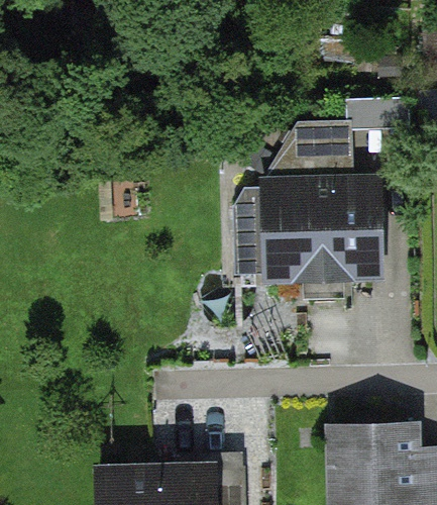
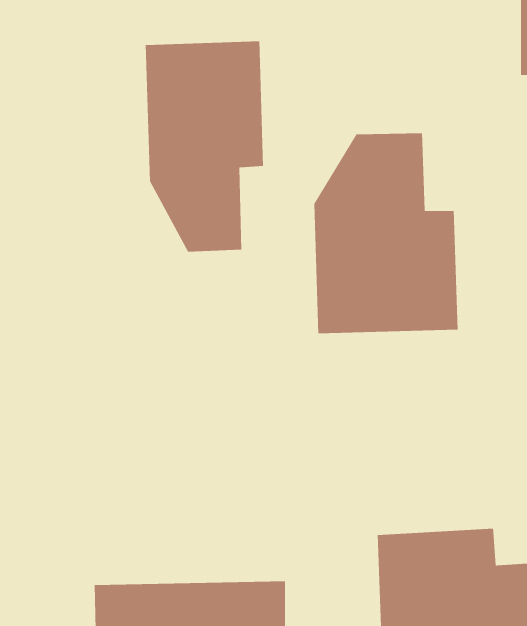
building: none -> [145,41,264,252]

